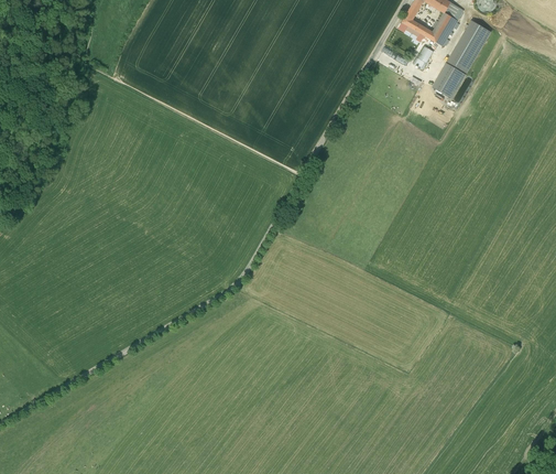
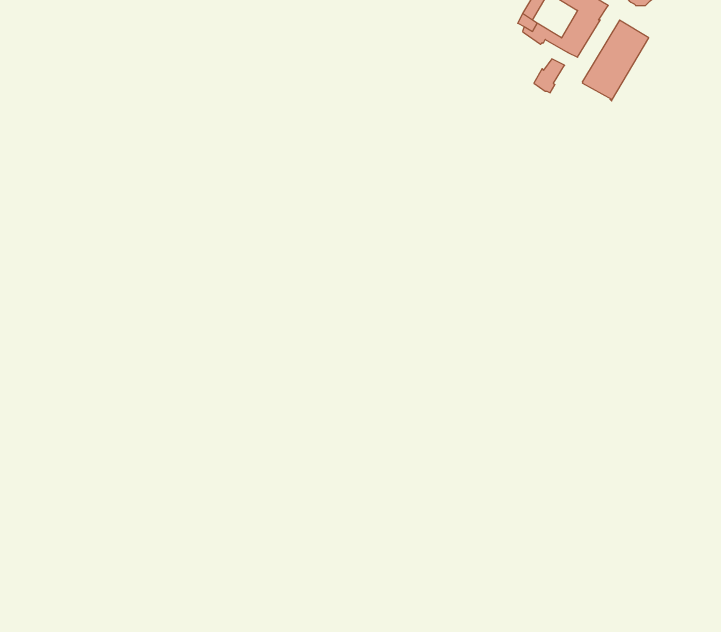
building: [430,63,465,98] -> none

